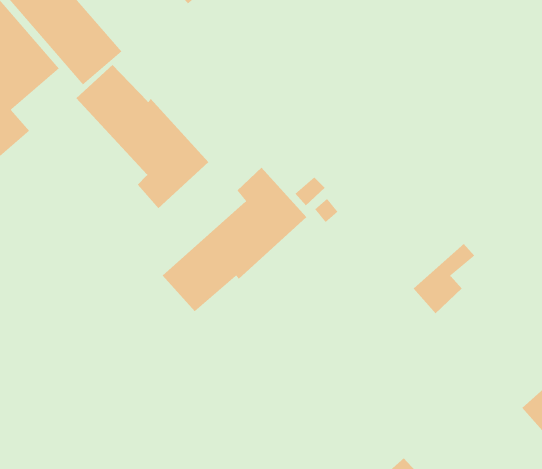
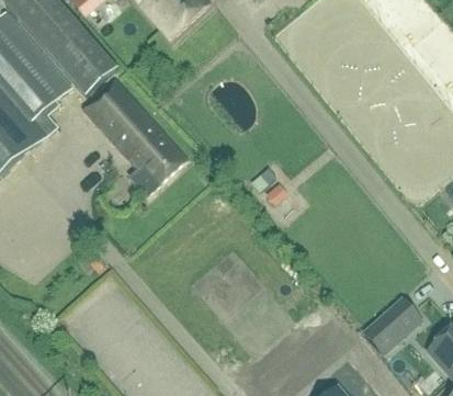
building: [162,167,307,312] -> none
building: [413,243,475,314] -> [364,297,412,352]

